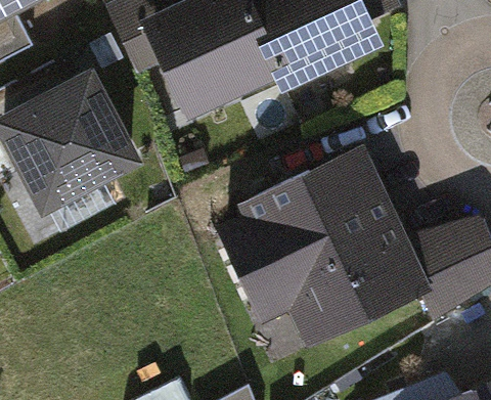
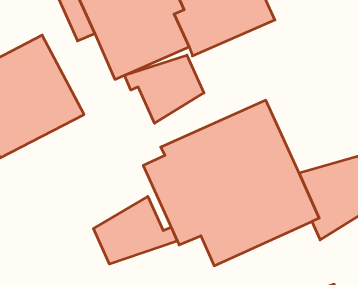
building: none -> [124,55,204,123]
building: none -> [93,196,177,264]

